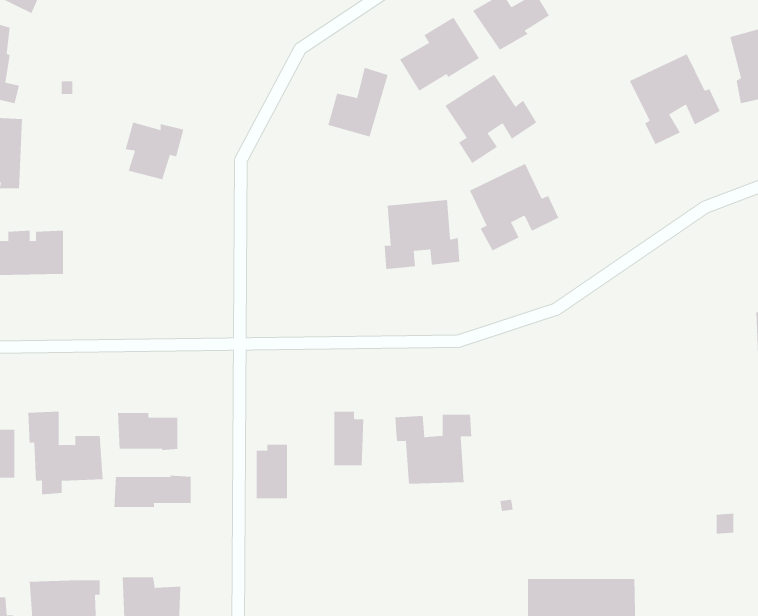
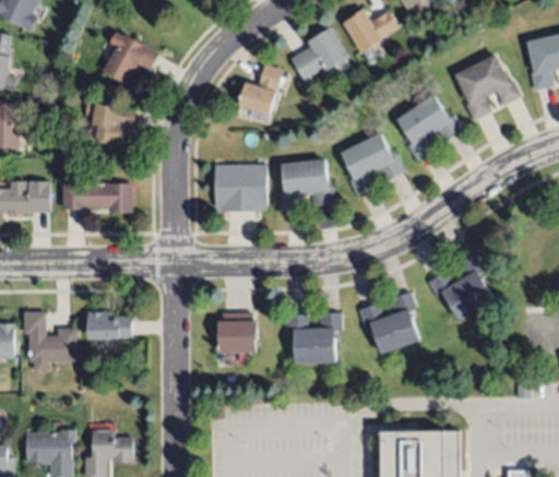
building: none -> [105,33,159,77]
building: [444,74,537,164] -> [396,96,463,160]
building: none -> [214,165,266,212]
building: none -> [62,183,131,213]
building: none -> [427,253,493,321]
building: none -> [358,293,420,354]
building: [256,444,288,499] -> [219,311,242,350]
building: [114,475,191,508] -> none

